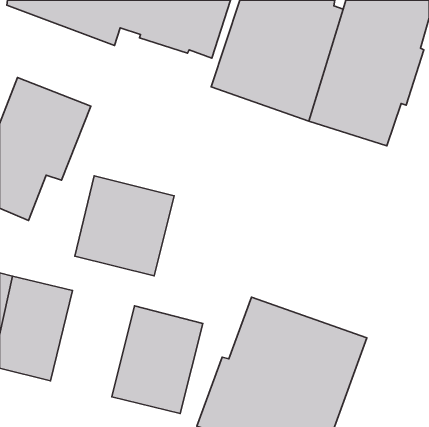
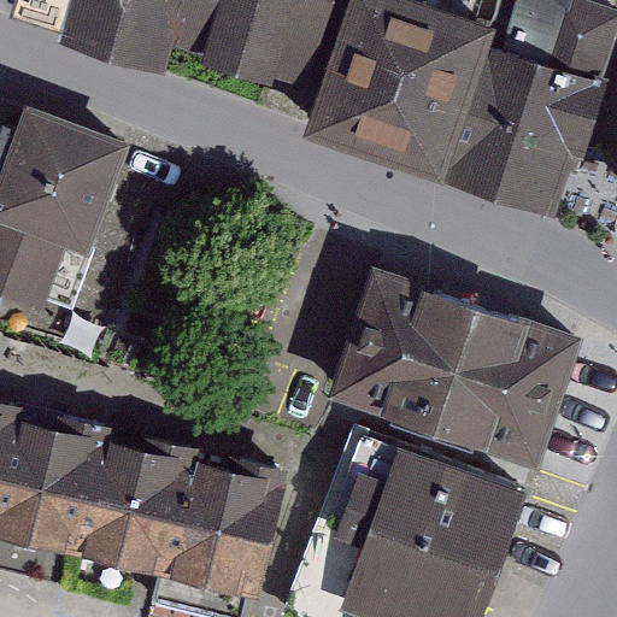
building: [75,176,174,276] -> none
building: none -> [325,276,580,477]
building: none -> [72,421,193,572]

